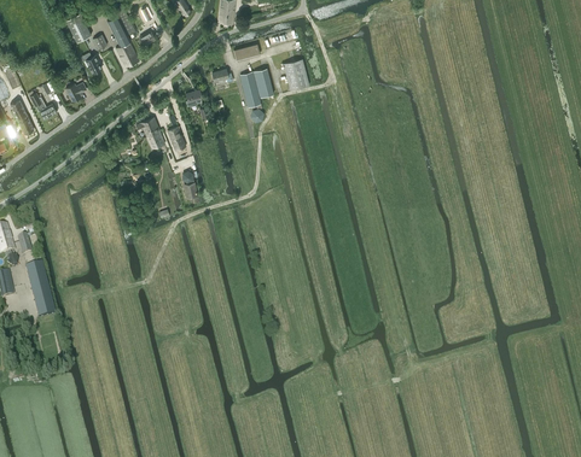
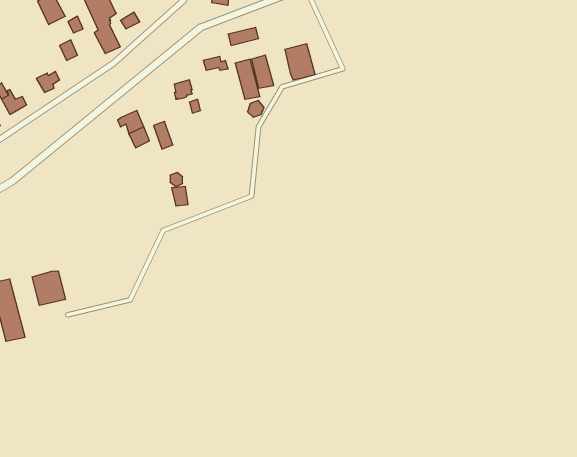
building: none -> [32,271,65,305]

